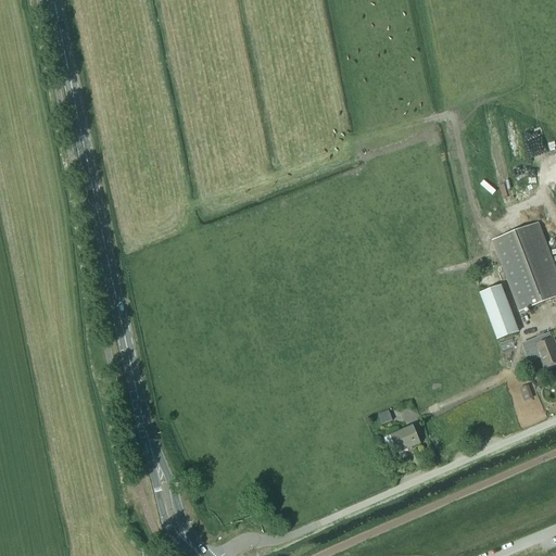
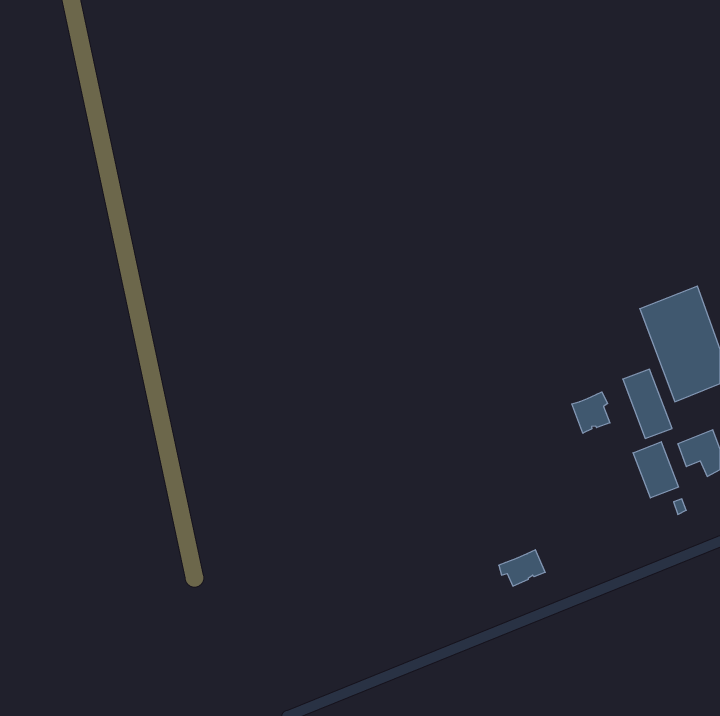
building: none -> [572,392,610,433]
building: none -> [633,442,679,498]

